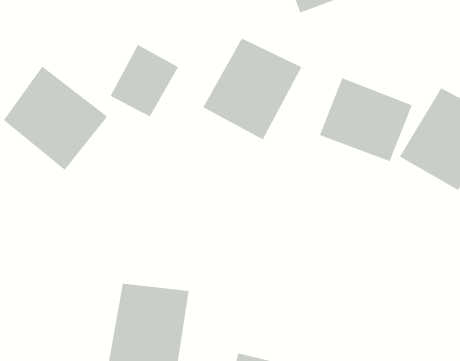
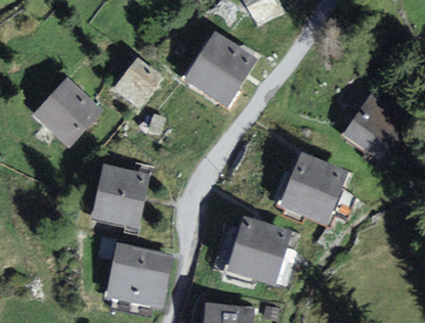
building: [319,77,413,162] -> [273,159,349,228]
building: none -> [78,157,146,233]
building: none -> [216,218,290,284]

